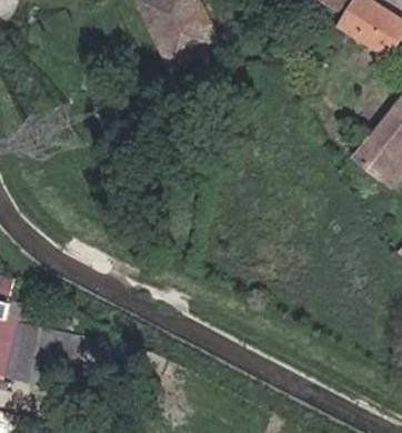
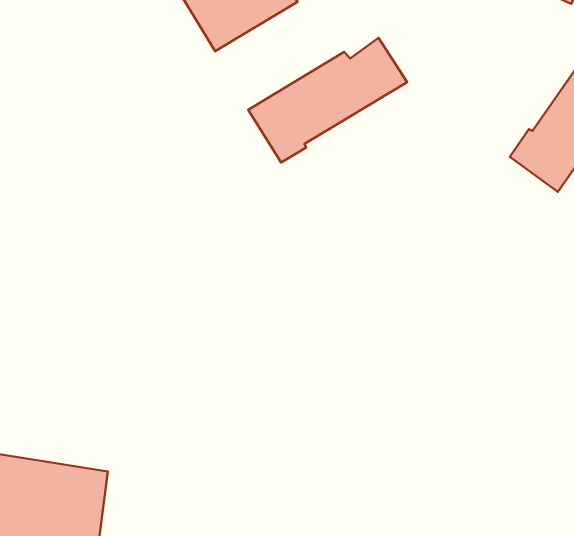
building: none -> [248,38,407,162]

